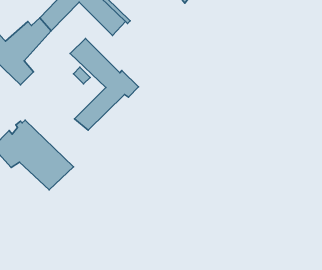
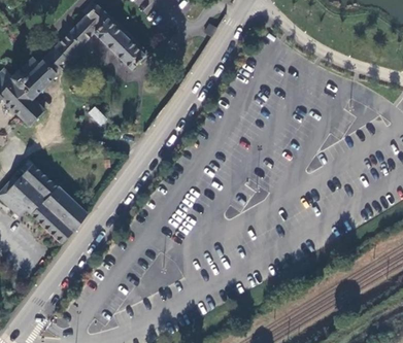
building: [70,39,139,130] -> none

